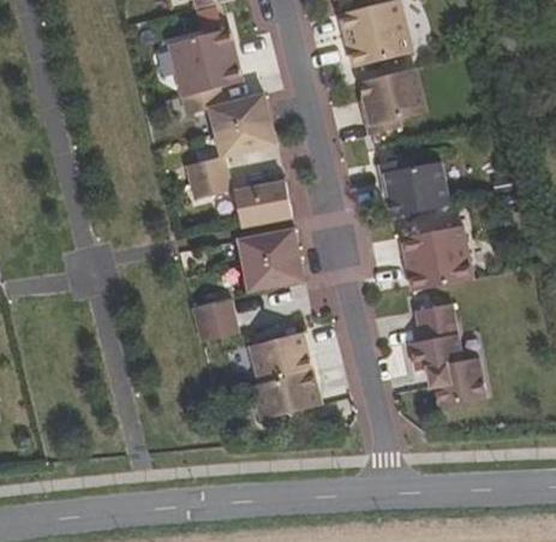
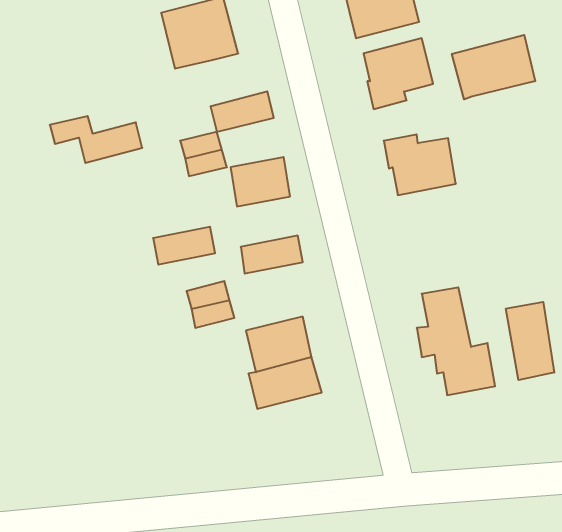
building: none -> [452,35,535,99]
building: [180,87,268,131] -> [50,116,142,163]
building: [401,225,471,290] -> none
building: [238,228,297,264] -> [153,227,215,265]
building: none -> [506,302,554,380]

